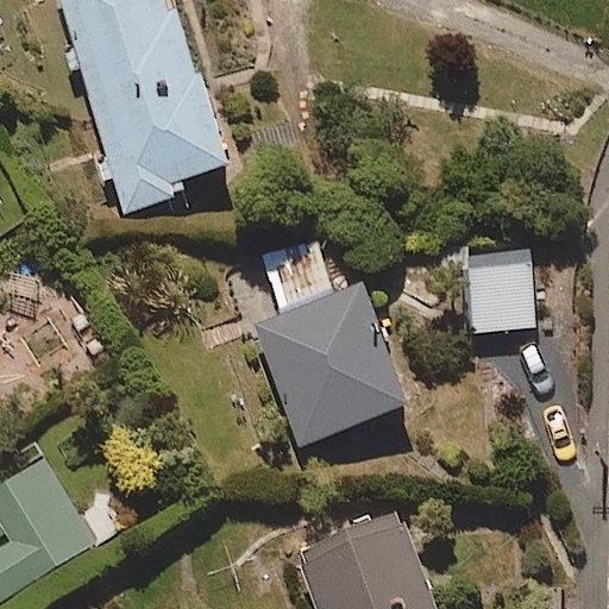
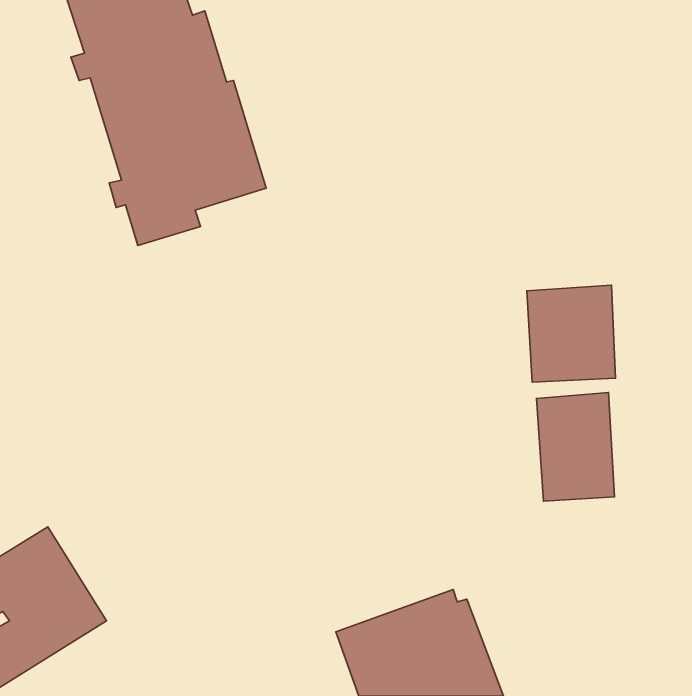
building: [250,282,410,448] -> none
building: none -> [537,393,614,501]

